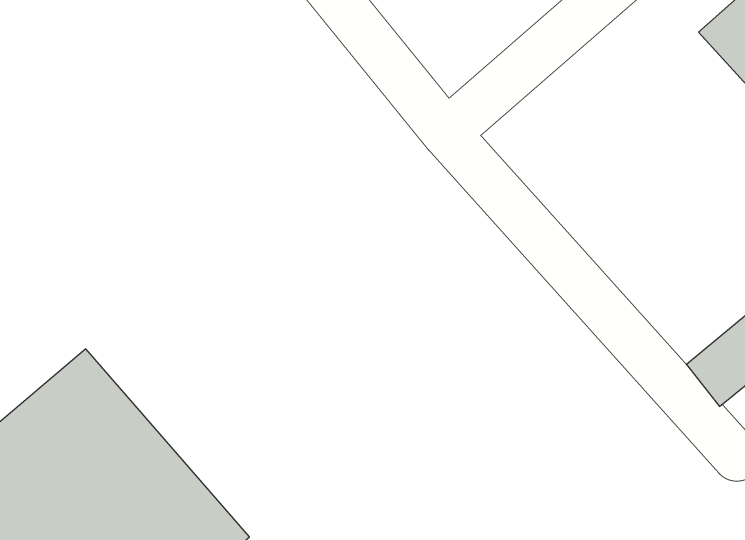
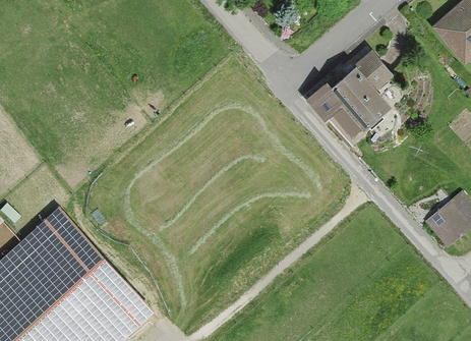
building: none -> [300,48,390,137]

